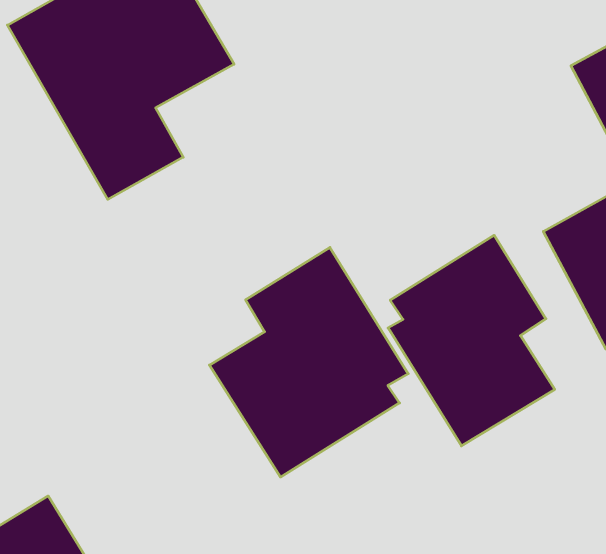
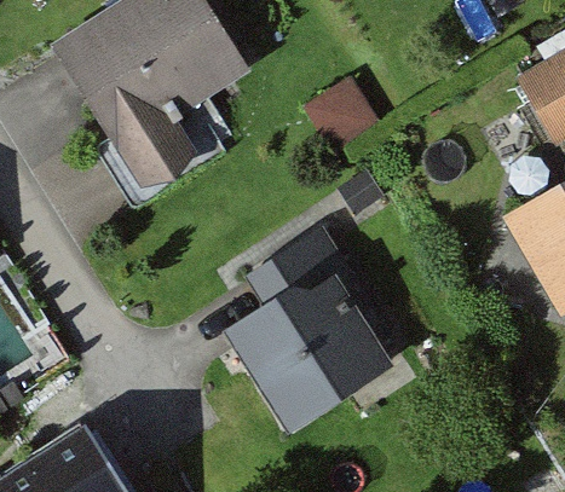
building: [388,235,555,446] -> none

